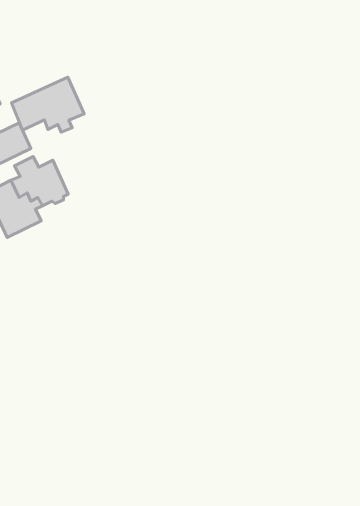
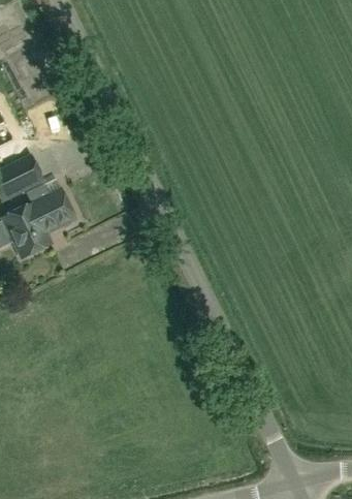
building: [11,77,84,132] -> none

